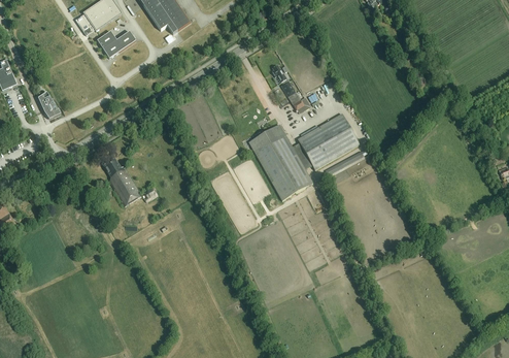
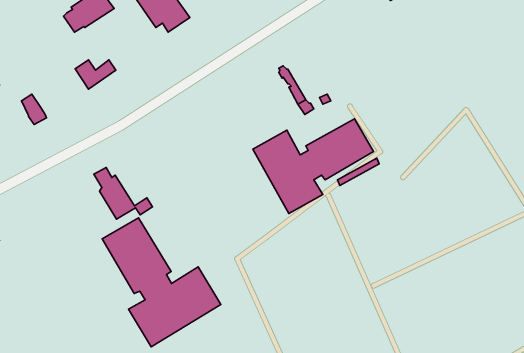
building: [97,30,134,57] -> [75,60,116,89]
building: none -> [102,218,221,347]

